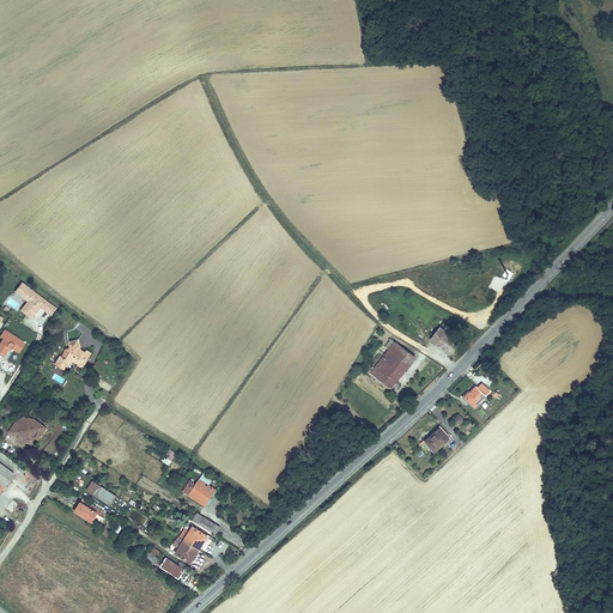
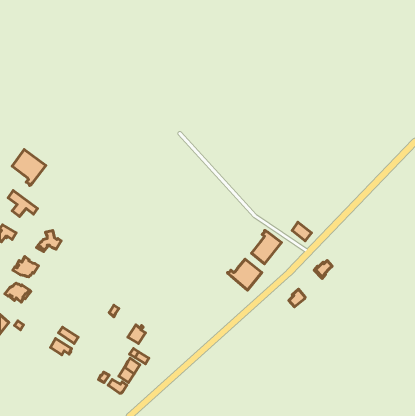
building: none -> [12,150,46,185]
building: none -> [13,257,39,277]
building: none -> [228,259,262,290]

